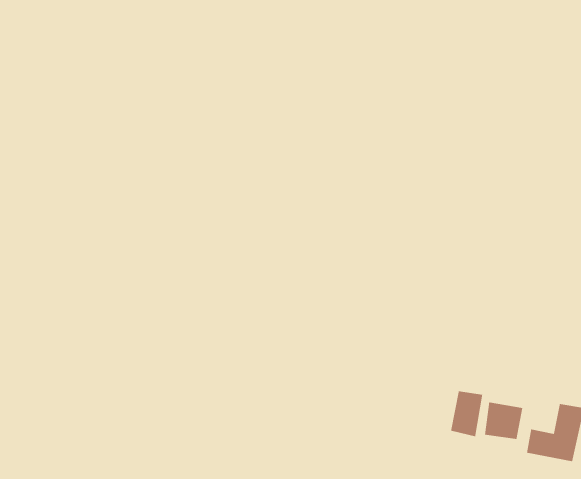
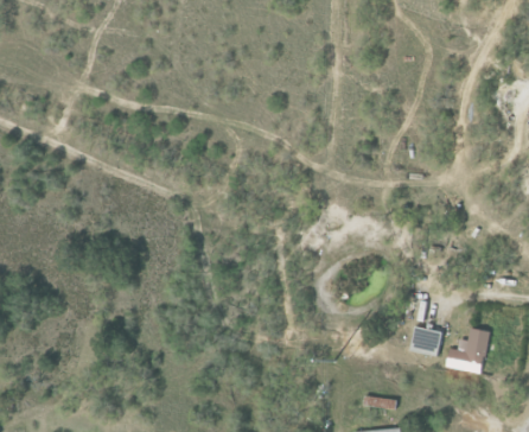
building: [450,390,483,437] -> none

